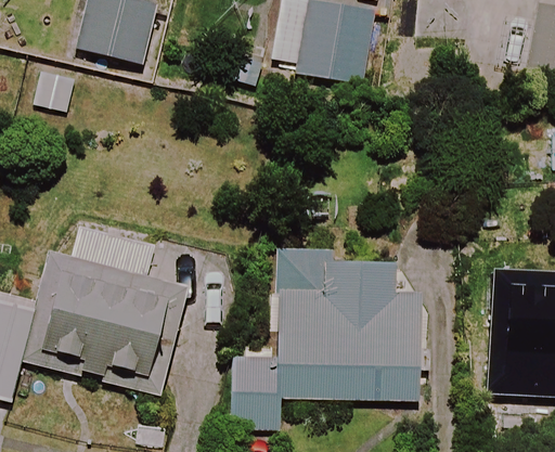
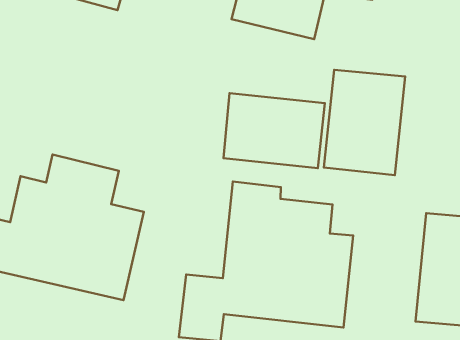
building: none -> [324,70,405,175]
building: none -> [224,93,325,168]

